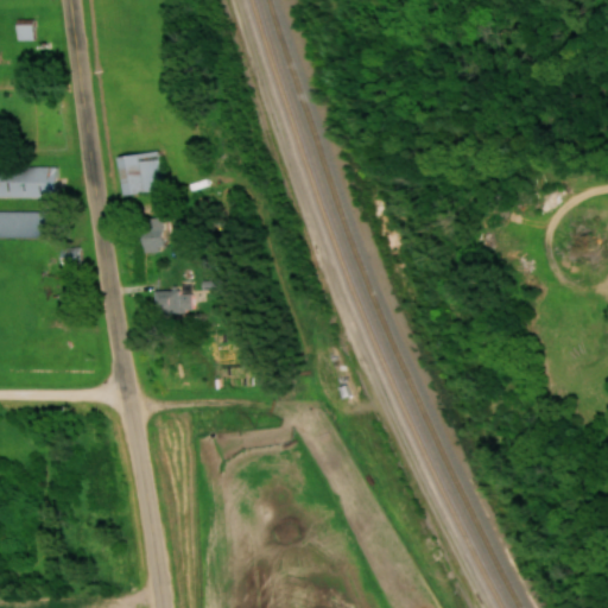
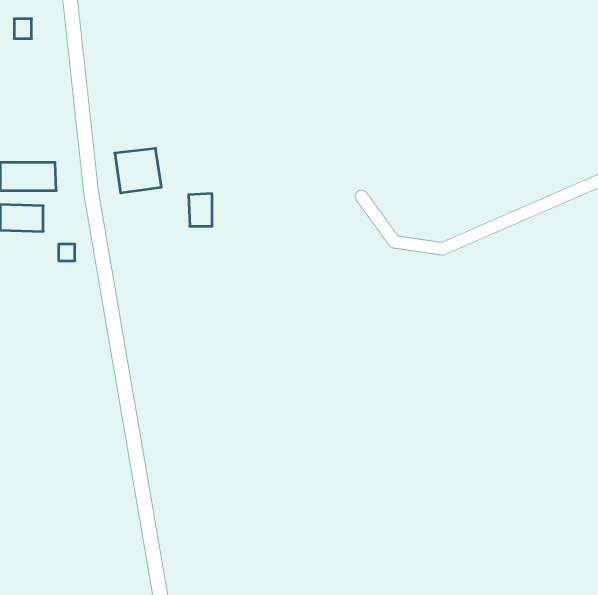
building: [139,220,163,253] -> [189,194,212,226]
building: [153,293,191,315] -> none

